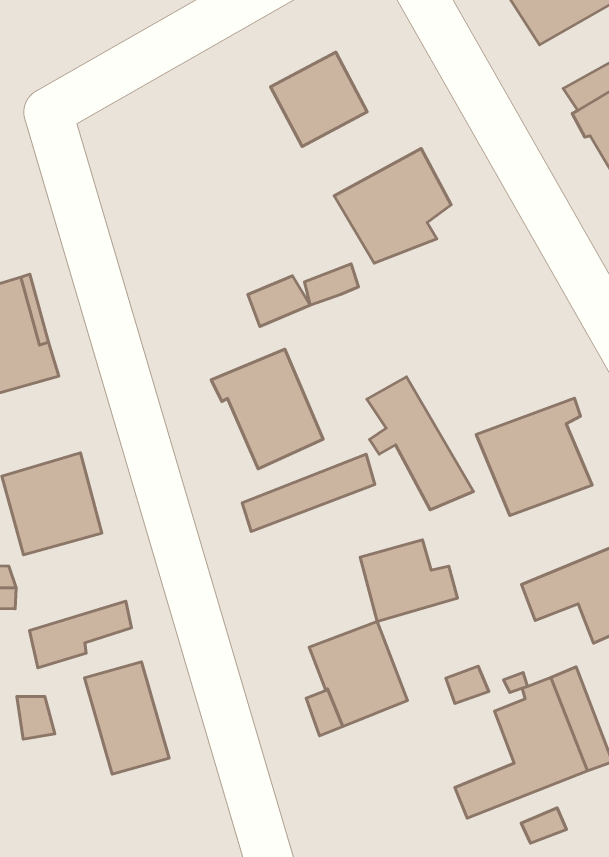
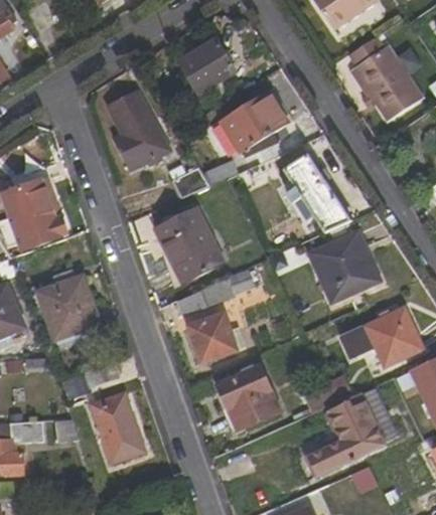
building: none -> [106,92,167,171]
building: [367,377,473,510] -> [283,158,347,233]
building: [360,540,458,622] -> [188,315,246,363]

